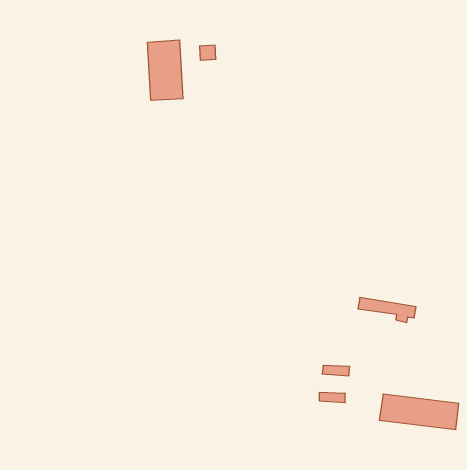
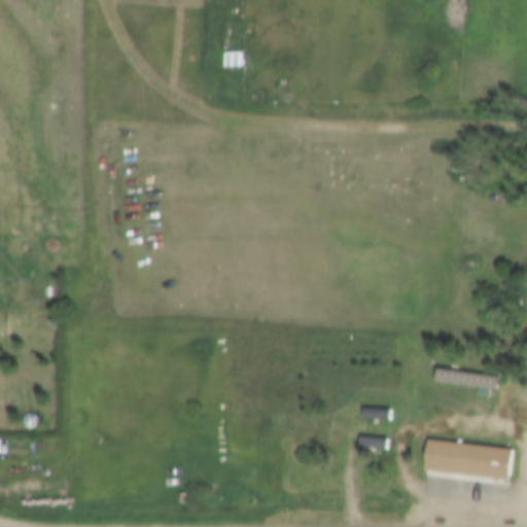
building: [147,40,183,100] -> none
building: [358,298,416,323] -> [433,367,498,395]

